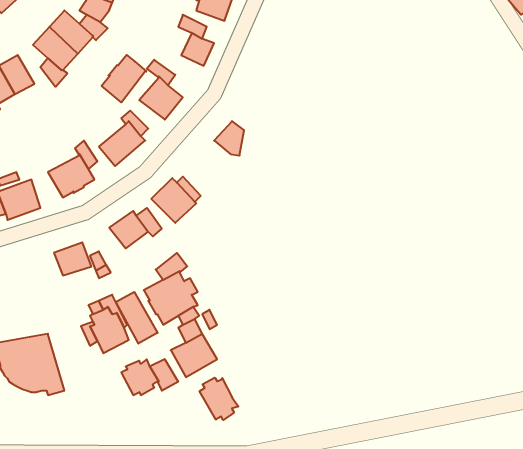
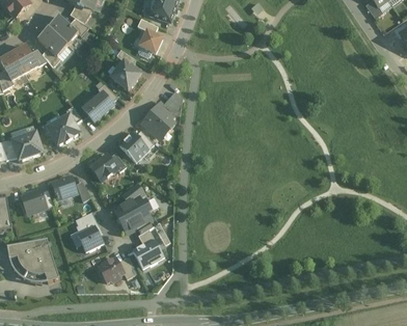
building: [102,55,146,102] -> none
building: none -> [142,103,173,136]
building: none -> [20,189,47,214]
building: [116,292,158,344] -> none
building: [200,378,238,420] -> none

